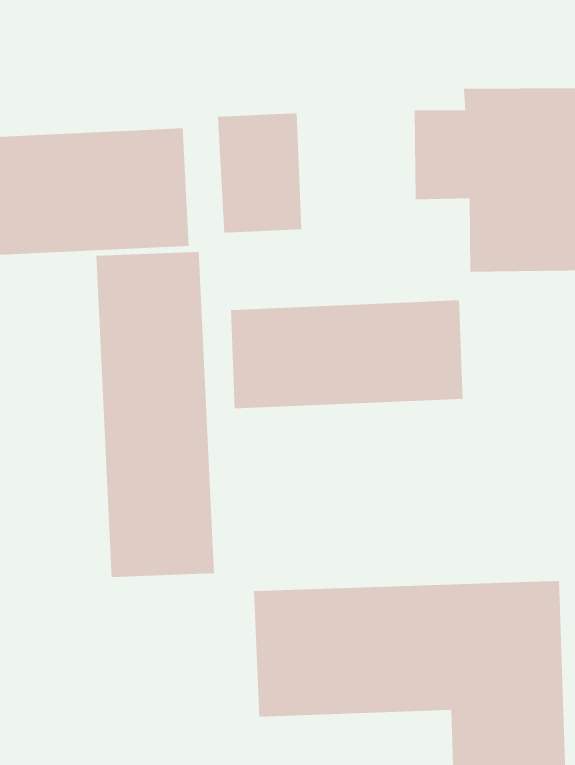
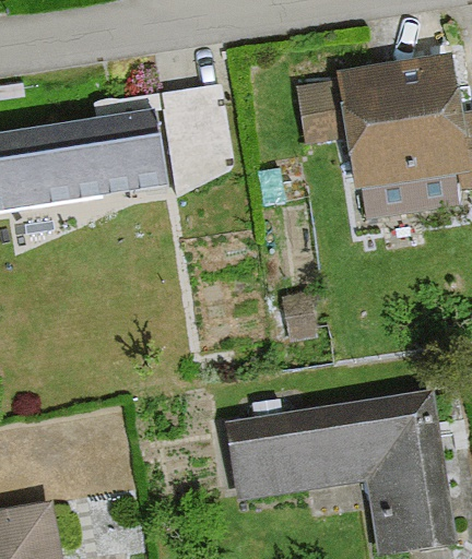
building: [96,251,214,578] -> none
building: [230,300,463,409] -> none

